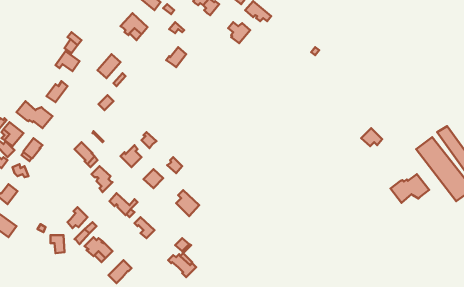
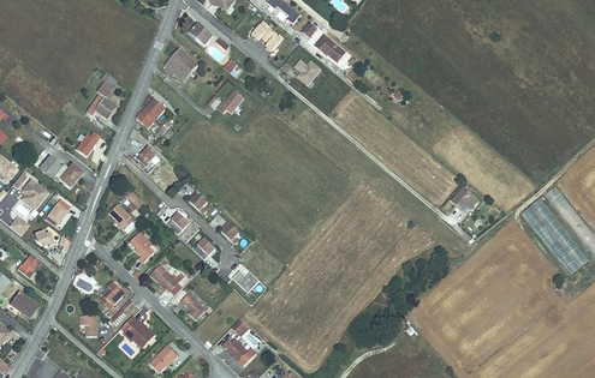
building: [391,174,429,203] -> none

